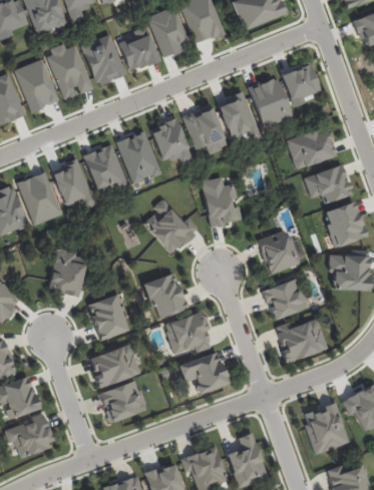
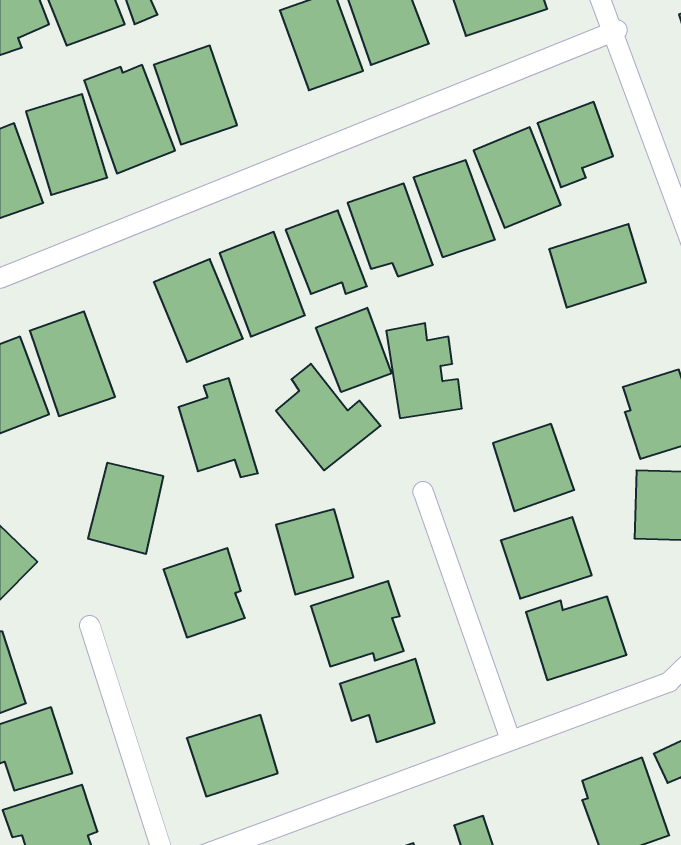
building: [117,27,158,70] -> none
building: [53,157,94,208] -> [178,378,258,477]
building: [304,164,351,202] -> none
building: none -> [316,308,391,392]
building: [89,344,140,388] -> none

